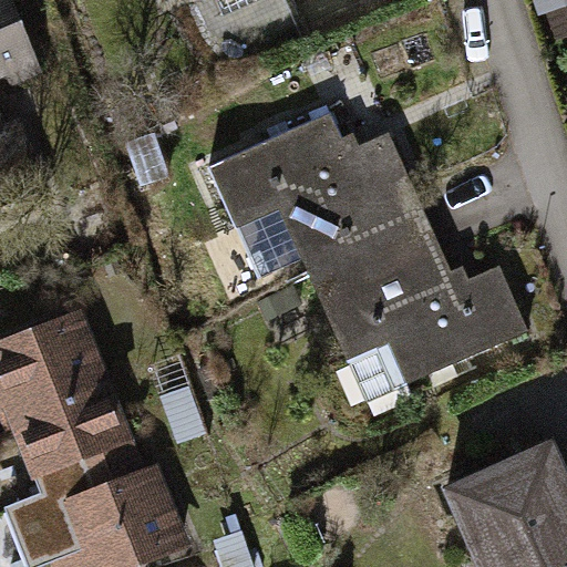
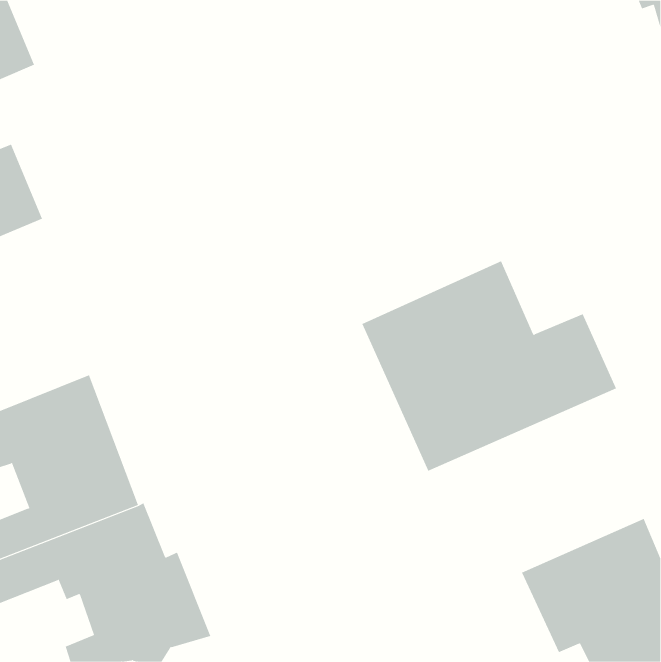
building: [209,115,429,277] -> none

